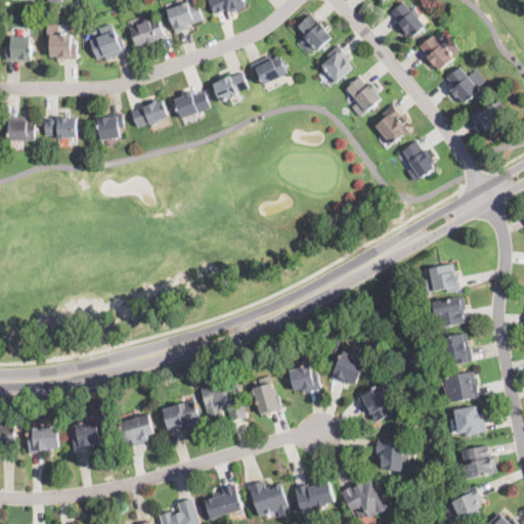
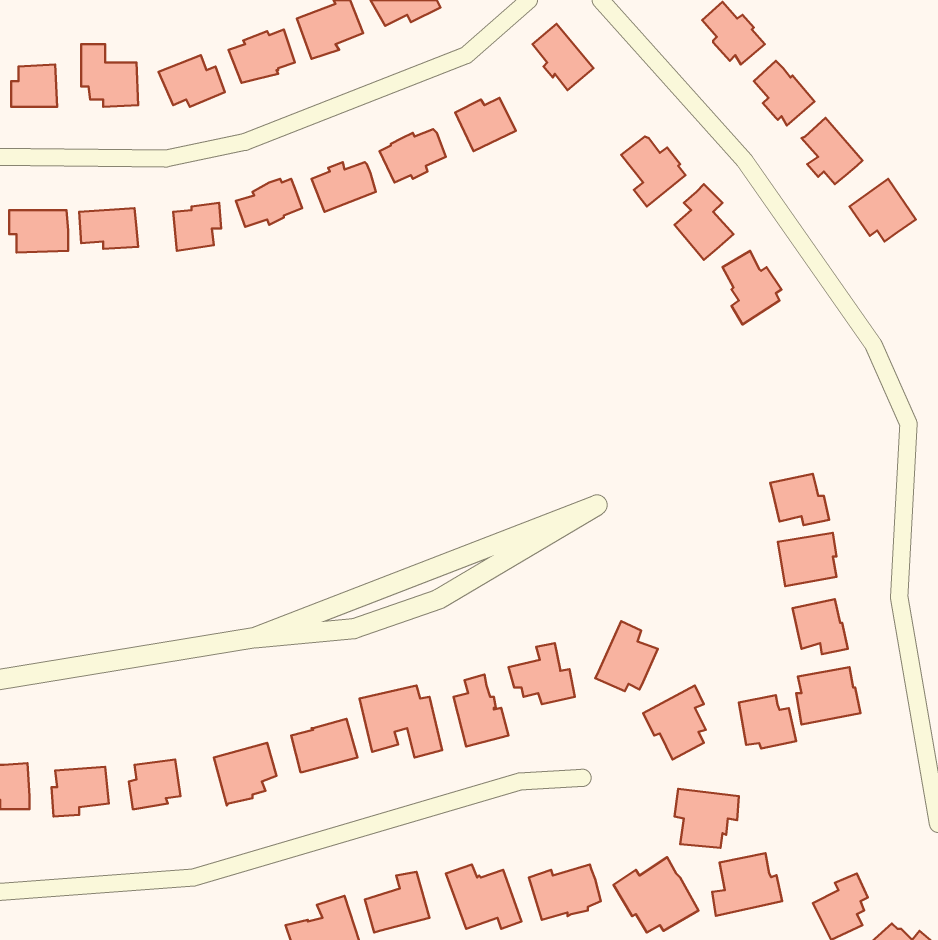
building: [319,45,350,84] -> none
building: [453,406,485,436] -> [739,695,796,749]
building: [456,445,495,480] -> [712,853,782,916]

